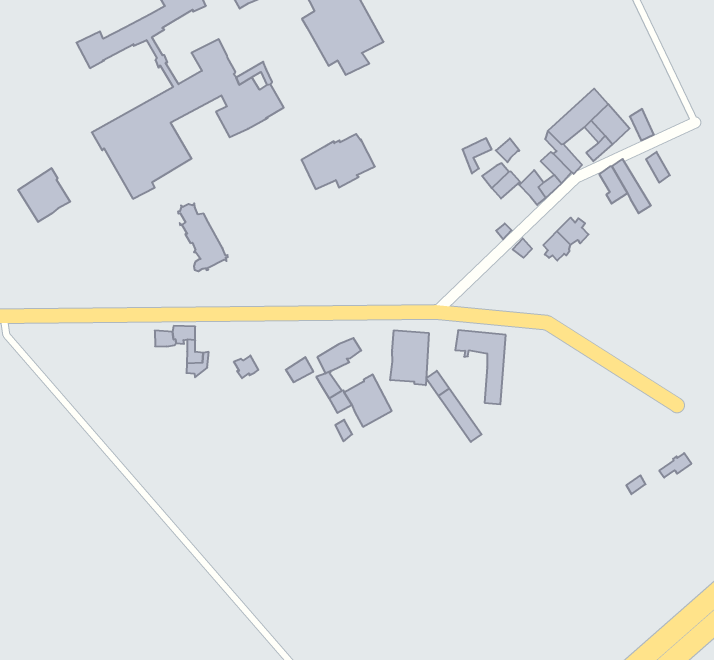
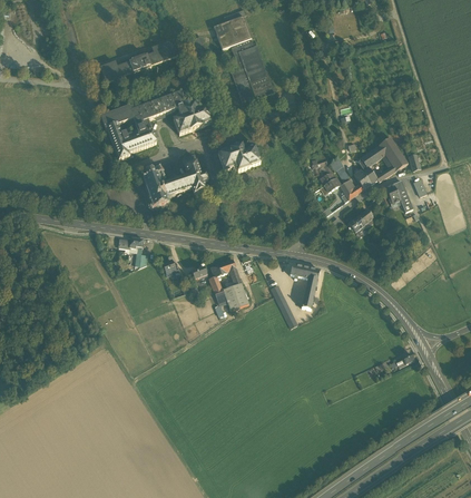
building: [18,168,70,222] -> none
building: none -> [158,154,207,195]
building: [390,330,429,385] -> none

